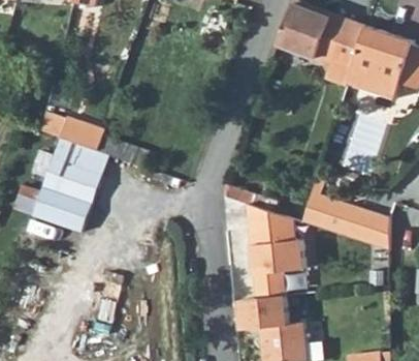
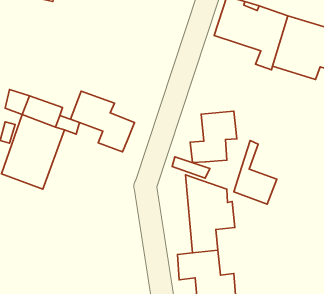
building: none -> [71,91,135,152]
building: none -> [190,111,237,163]
building: [341,213,388,259] -> none

